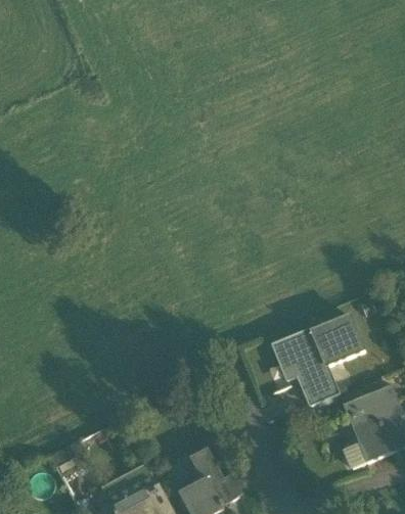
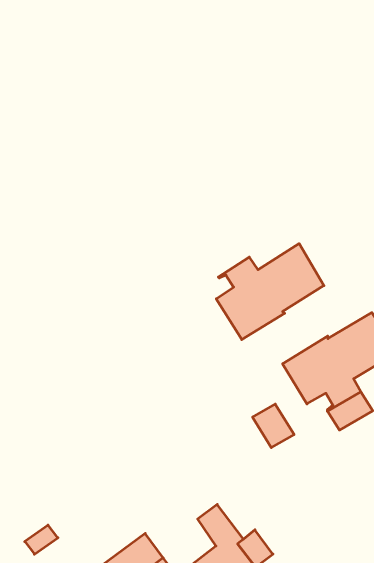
building: none -> [216,244,324,340]
building: none -> [253,404,294,448]

